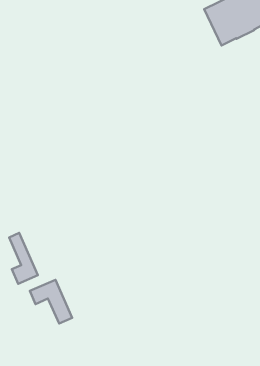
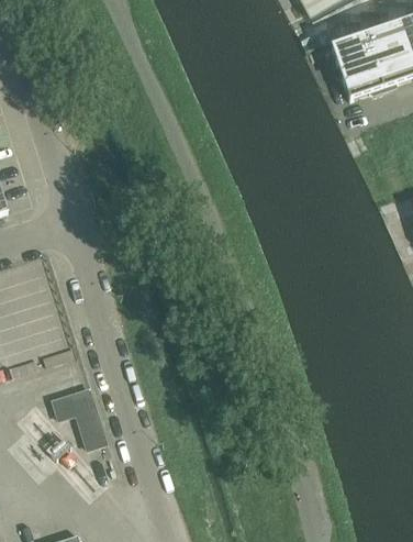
building: [9,233,38,284] -> none

